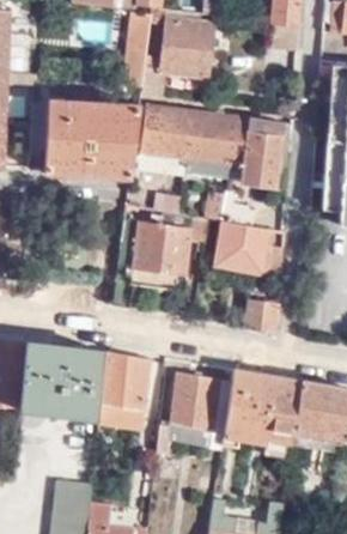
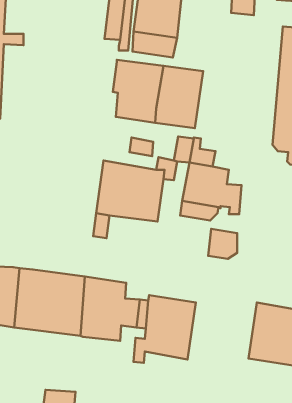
building: [43,101,139,176] -> none
building: [229,115,284,187] -> none
building: [220,369,300,450] -> none

